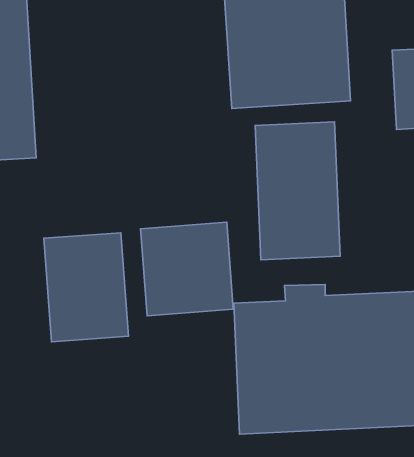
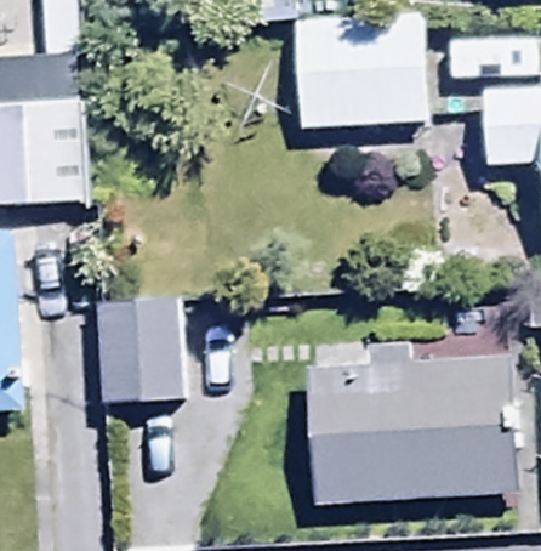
building: [255,122,340,260] -> none
building: [141,222,233,316] -> none

